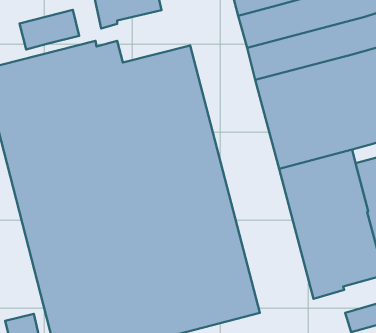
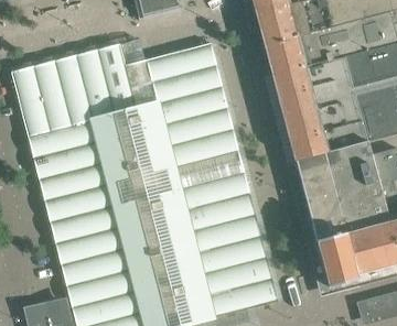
building: [20,10,79,50] -> none

